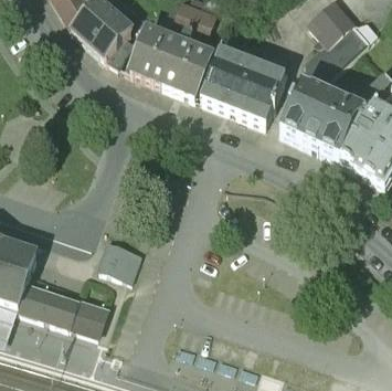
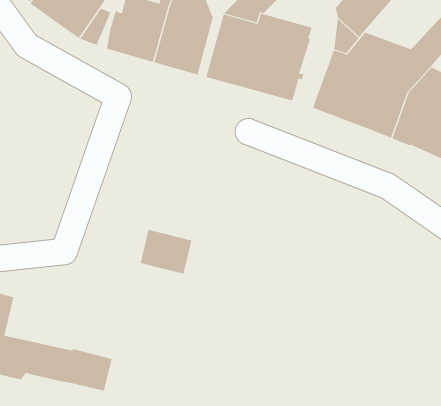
building: [98,241,140,278] -> [140,229,192,274]

